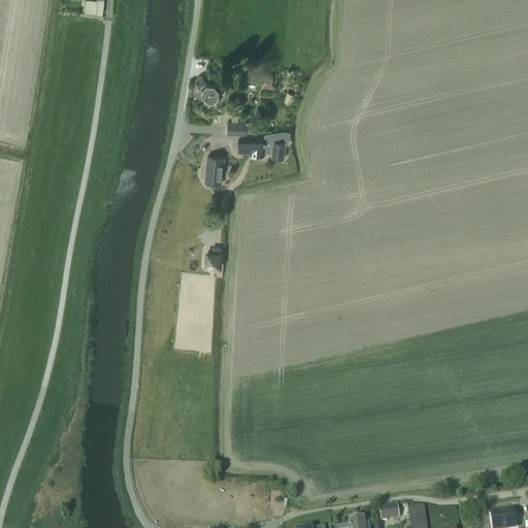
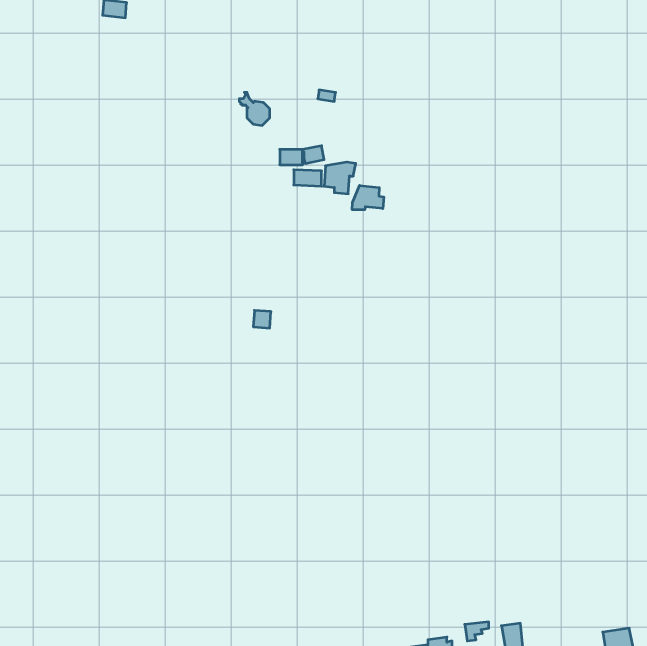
building: none -> [352,185,384,210]
building: [205,158,225,185] -> none

